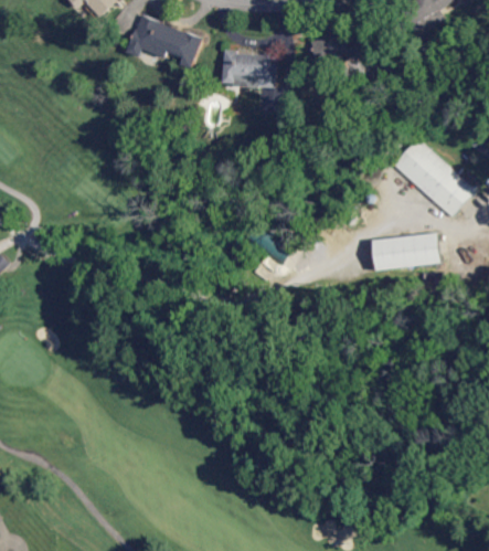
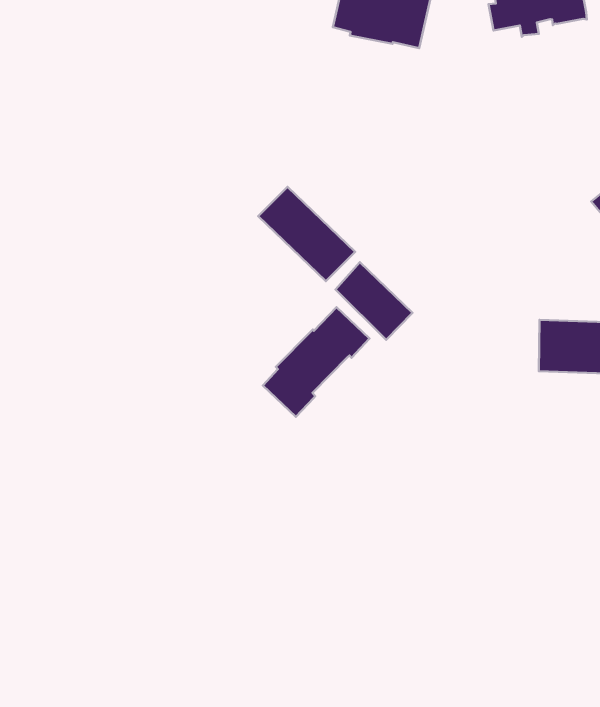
building: none -> [258,187,355,281]
building: none -> [263,307,369,417]

